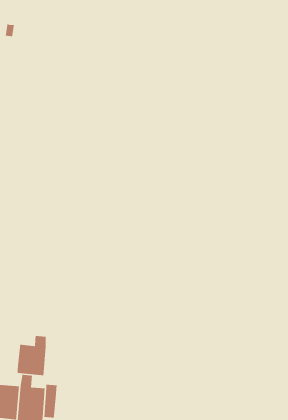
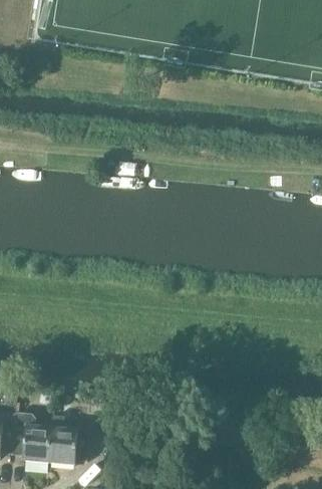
building: [17,335,47,376] -> none

